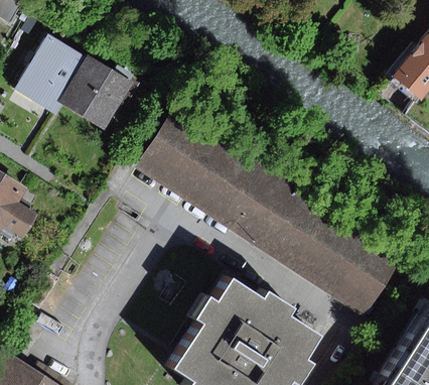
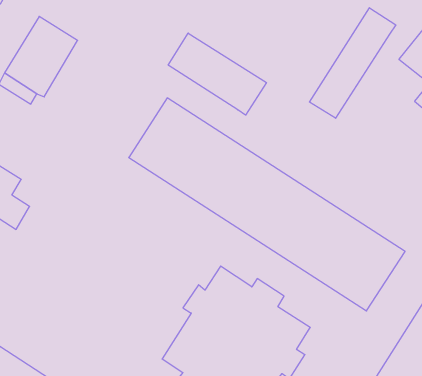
building: none -> [309,8,396,118]
building: none -> [168,33,266,115]
building: [60,54,134,129] -> none

